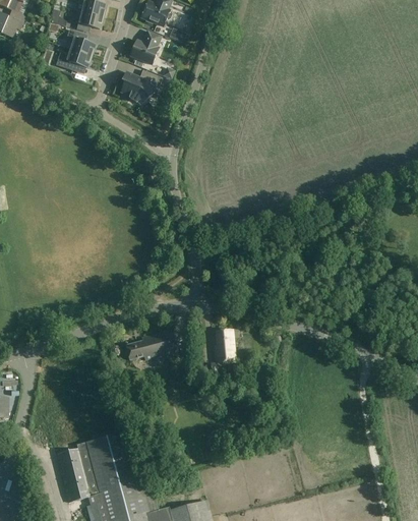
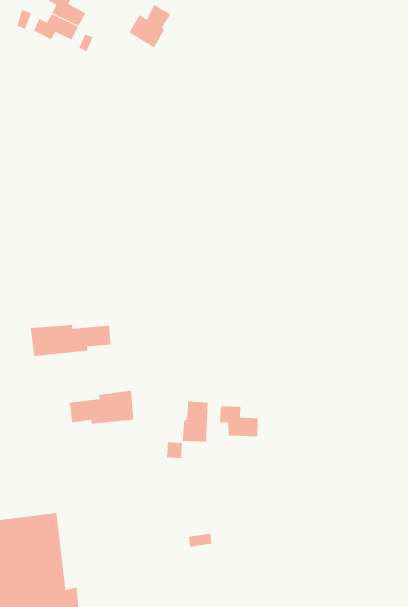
building: [121,70,162,104] -> none
building: none -> [30,324,111,357]
building: none -> [220,406,258,437]

